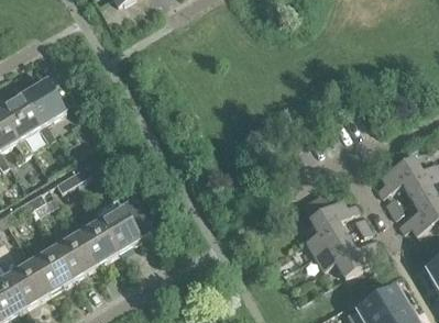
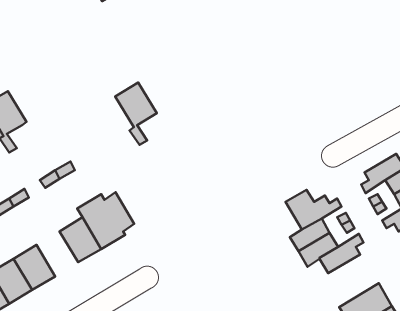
building: [23,79,65,142] -> [115,82,157,145]
building: [52,234,94,279] -> none

